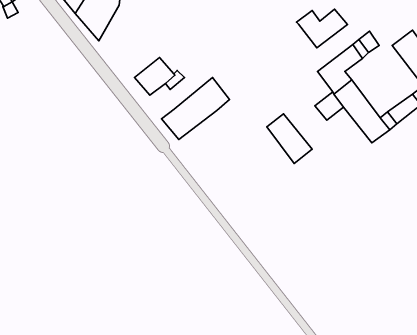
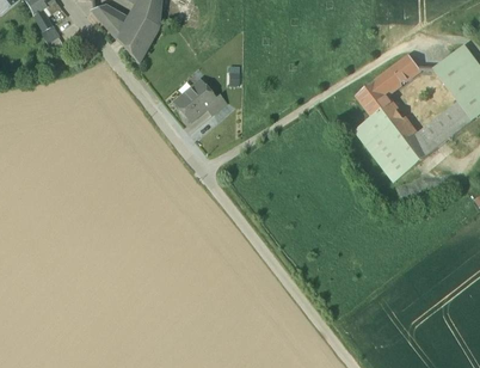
building: [296,9,347,48] -> none
building: [162,78,230,140] -> none
building: [267,114,312,163] -> [367,130,412,180]

